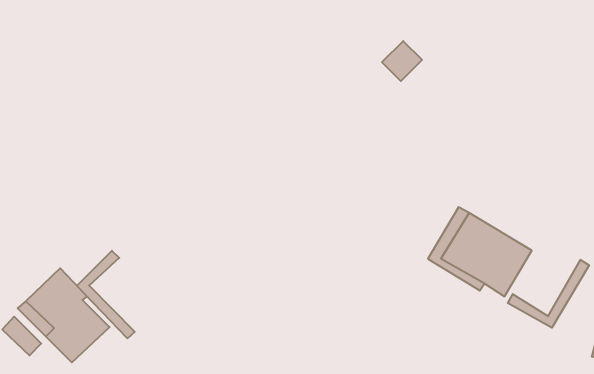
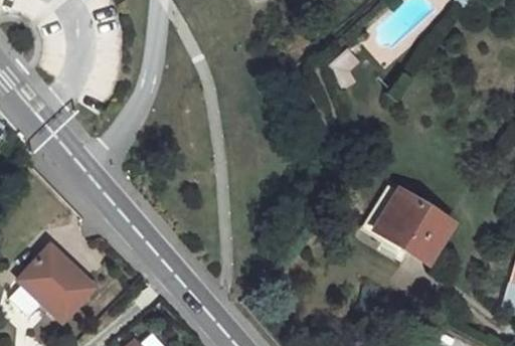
building: [77,251,135,338] -> none
building: [508,260,589,328] -> none

